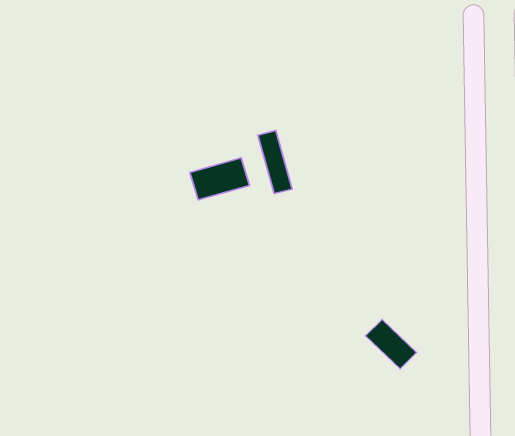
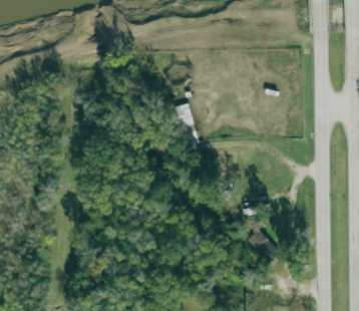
building: [190,158,250,200] -> none

